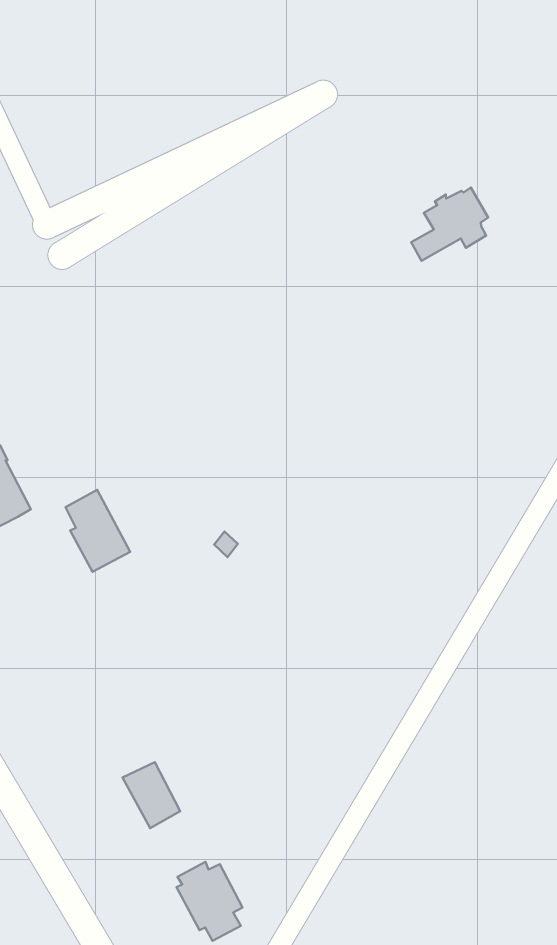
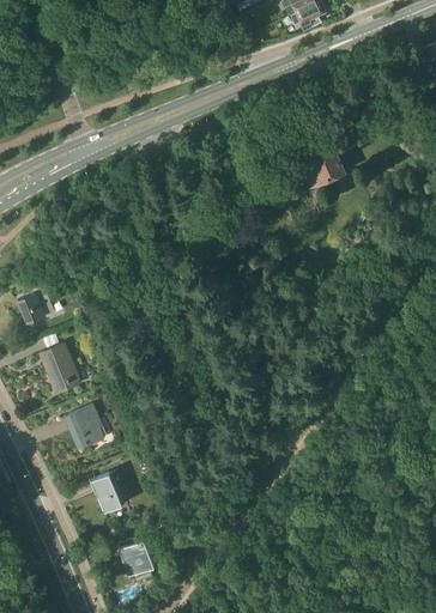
building: [65,490,130,572] -> [43,344,79,393]
building: none -> [63,405,103,449]

